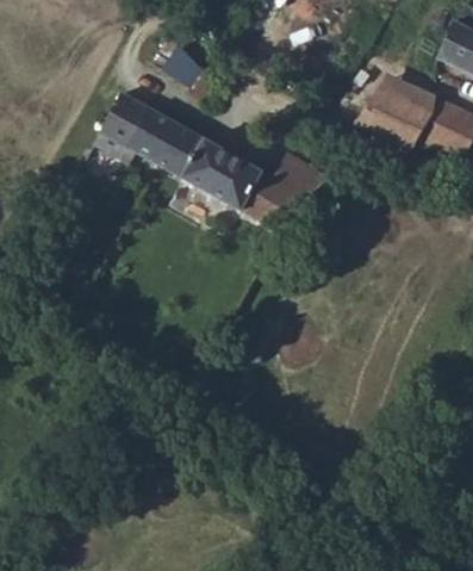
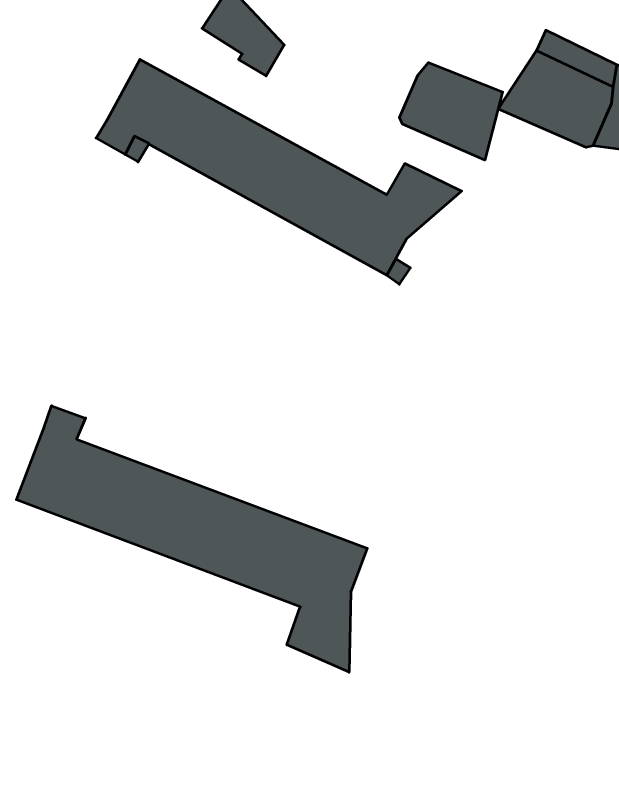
building: none -> [399,63,503,160]
building: none -> [16,406,367,672]

